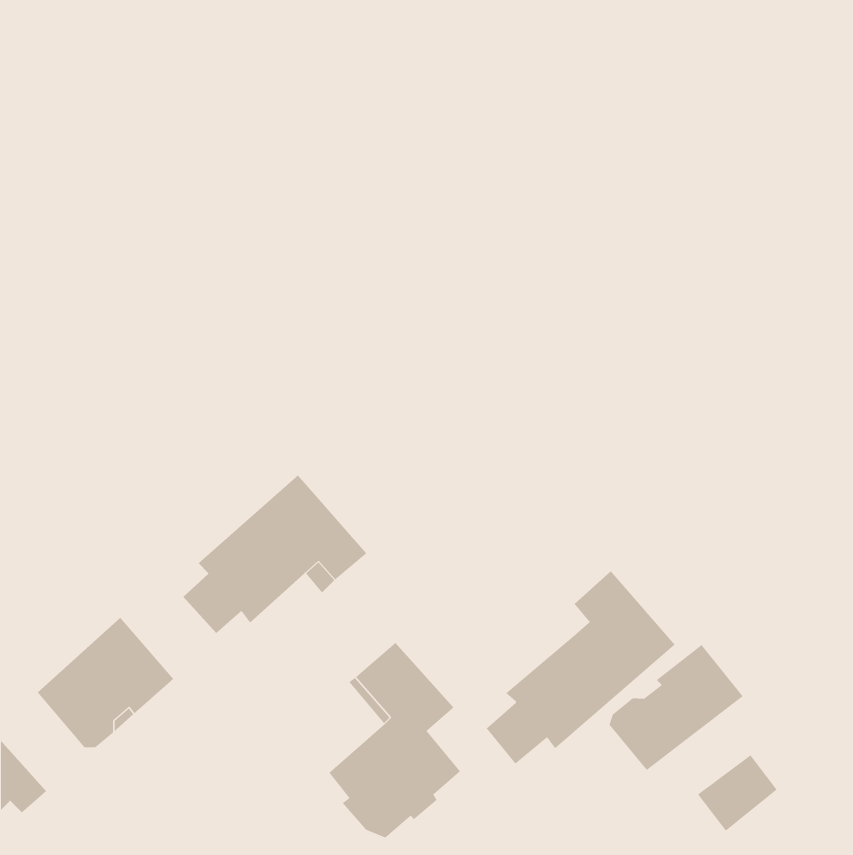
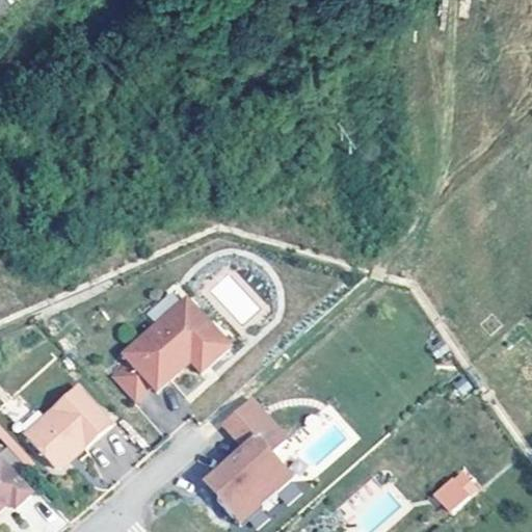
building: [486,571,676,764] -> none
building: [609,644,744,771] -> none

